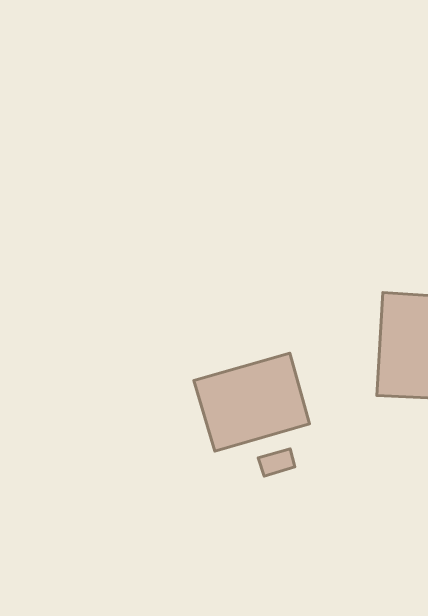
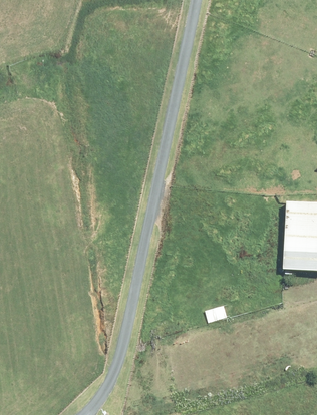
building: [194,353,309,451] -> none

